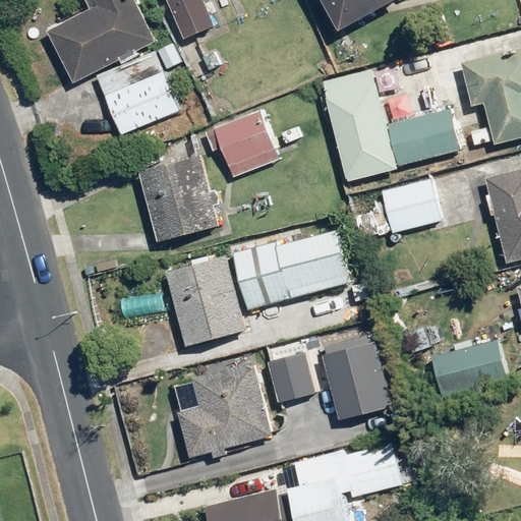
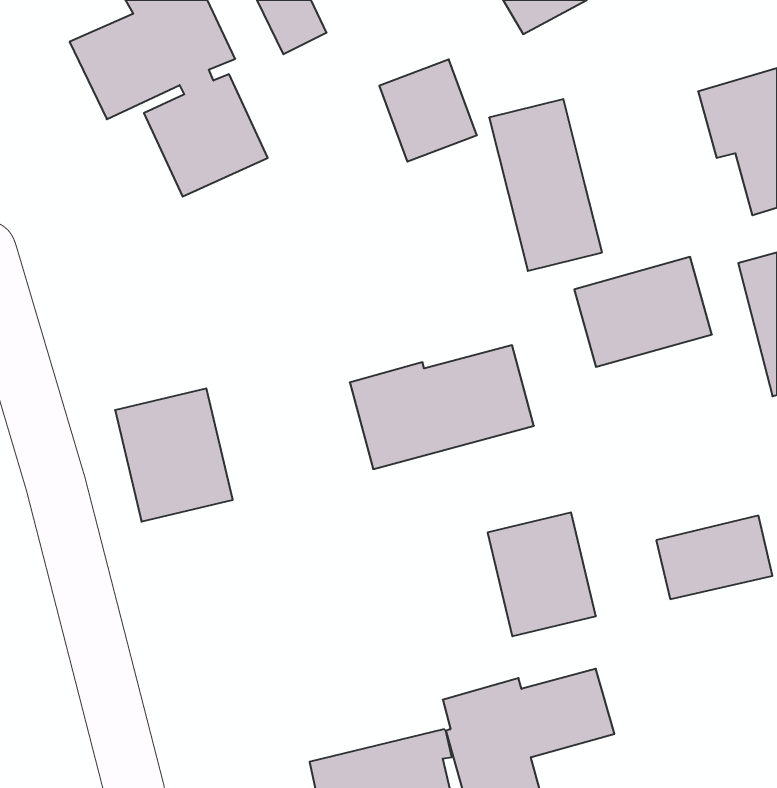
building: [385,108,461,168] -> none
building: [213,110,277,177] -> [379,59,477,162]
building: [137,152,217,240] -> none
building: [167,256,244,344] -> [115,388,233,522]
building: [267,351,314,401] -> none
building: [175,362,272,458] -> none

